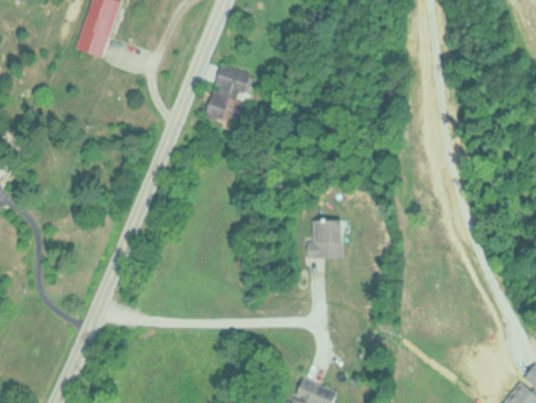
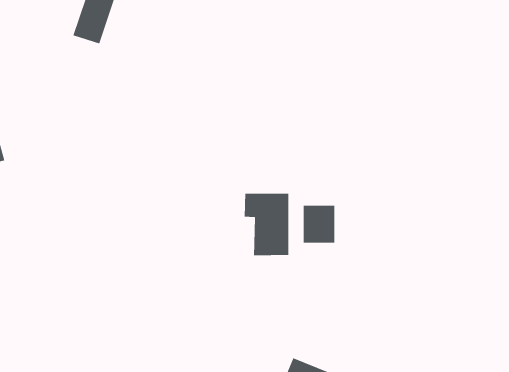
building: [203,72,248,128] -> none
building: none -> [244,193,289,256]

